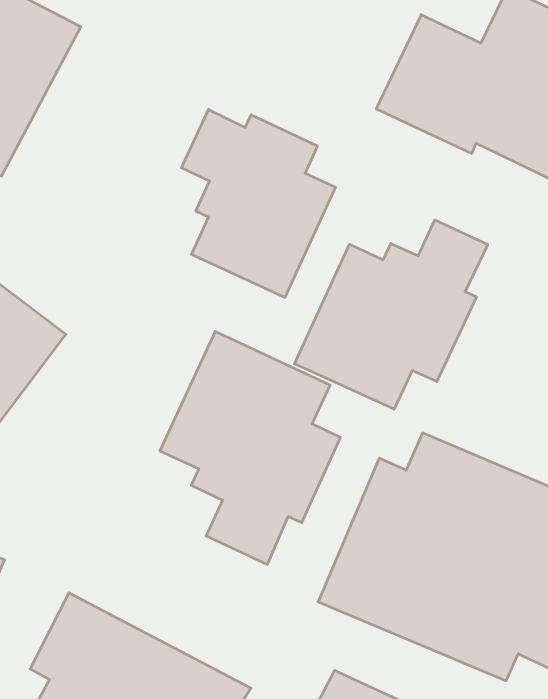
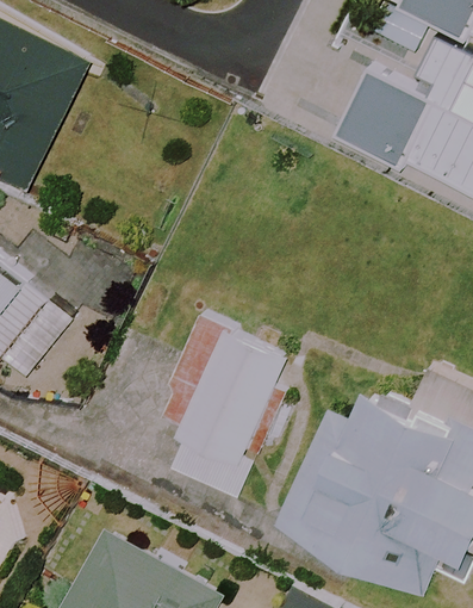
building: [182,109,335,298] -> none
building: [294,220,488,409] -> none

